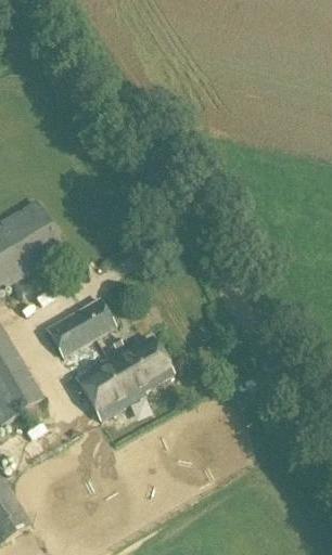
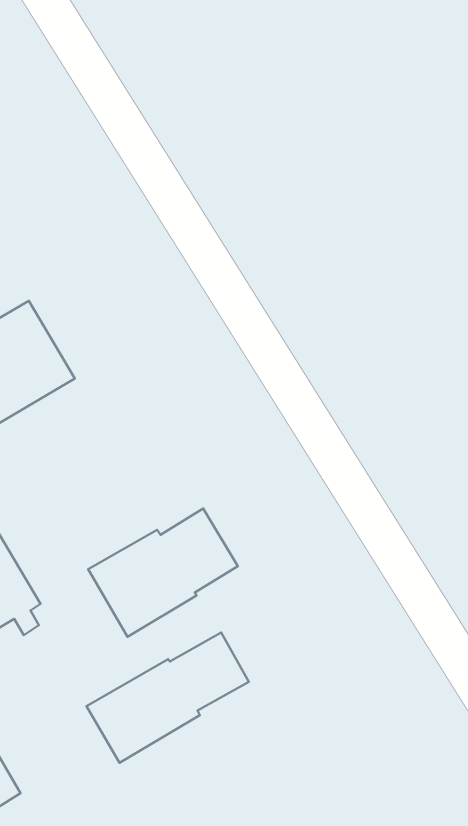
building: [44,296,116,358] -> none
building: none -> [87,633,249,763]

